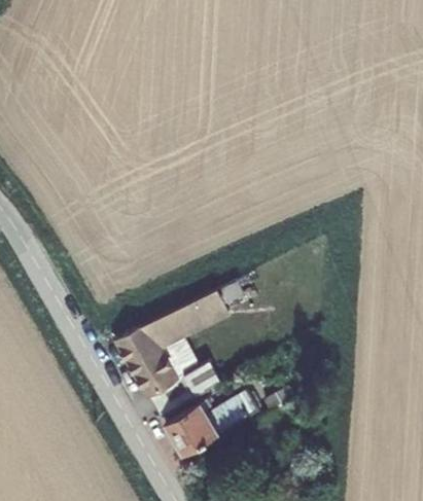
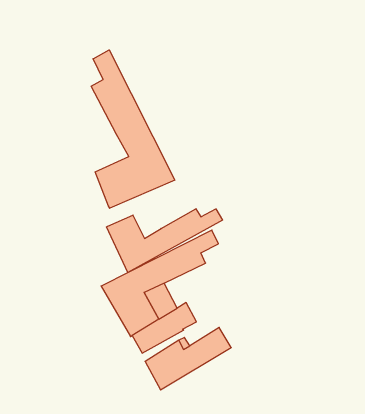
building: none -> [91,50,175,208]
building: none -> [106,209,223,272]

